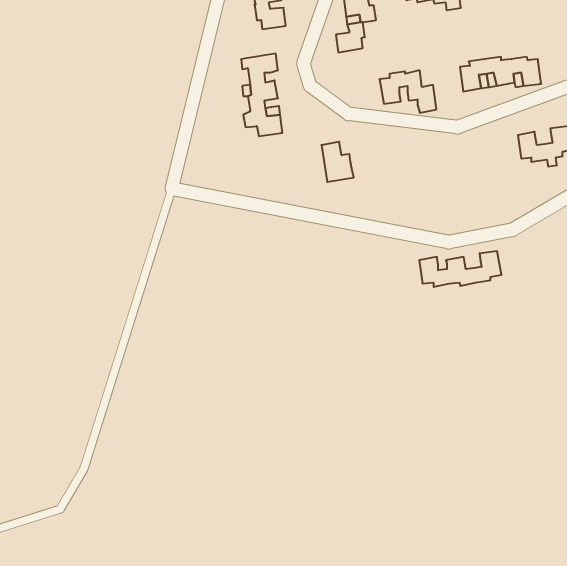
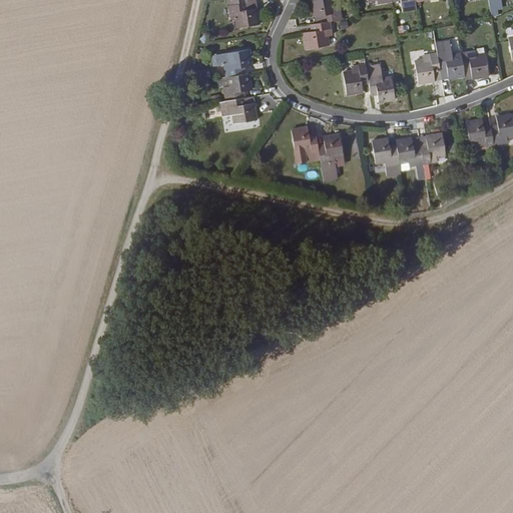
building: none -> [319,134,345,179]
building: [419,251,502,287] -> [373,133,447,165]

